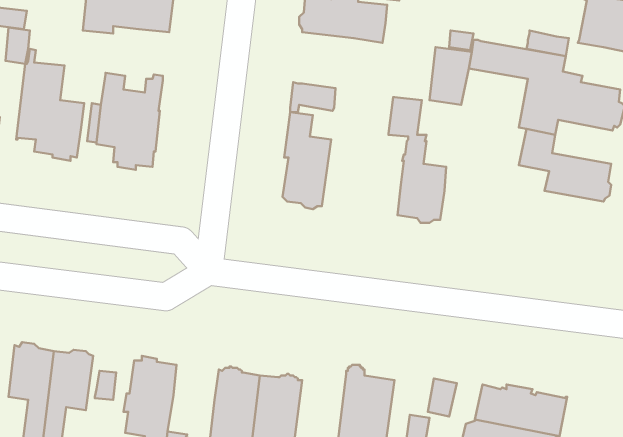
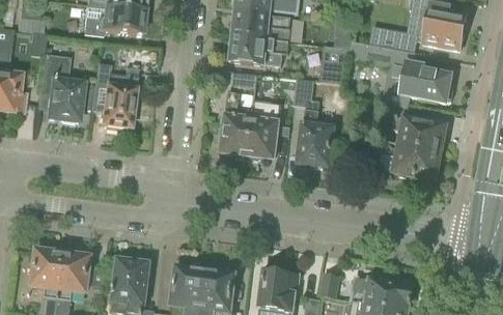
building: none -> [228,35,288,65]
building: none -> [247,101,289,159]
building: none -> [382,141,440,179]

